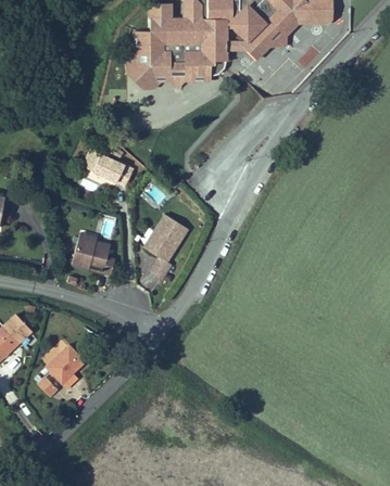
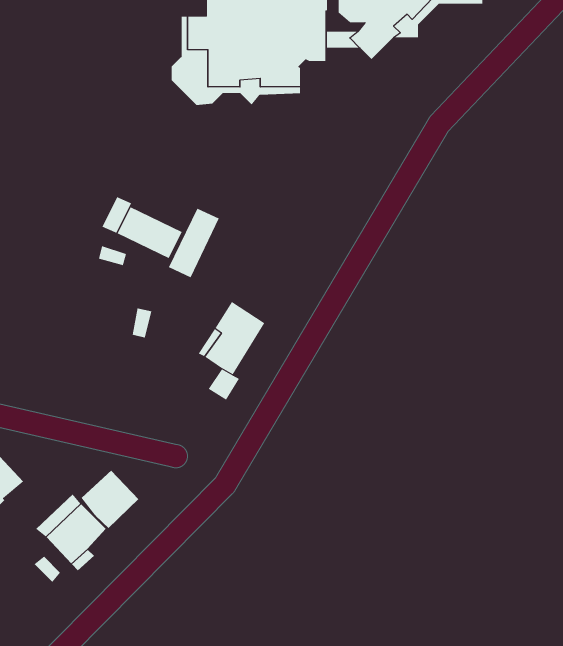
building: none -> [168,208,220,278]
building: [72,238,115,276] -> none
building: none -> [81,470,139,529]

